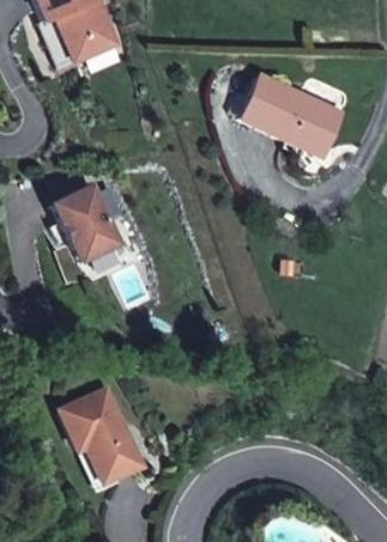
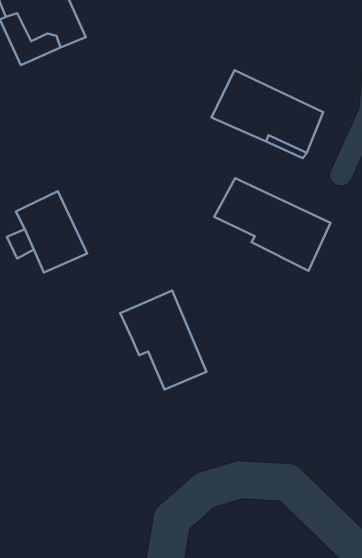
building: none -> [214,178,330,271]
building: [61,389,143,482] -> [120,290,207,390]

